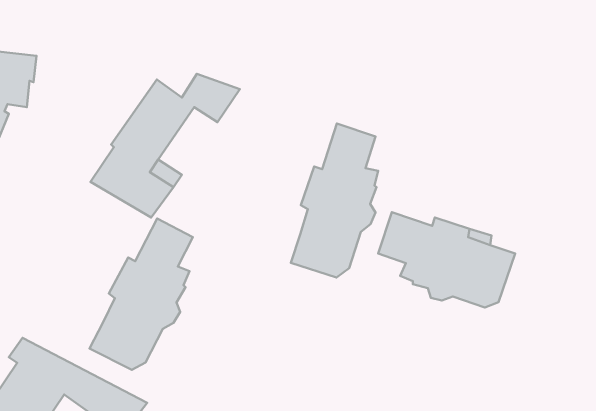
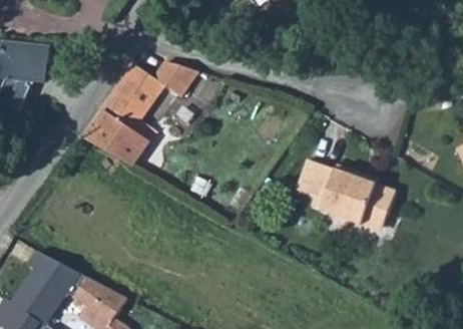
building: [291,124,378,277] -> none
building: [90,219,193,370] -> none

